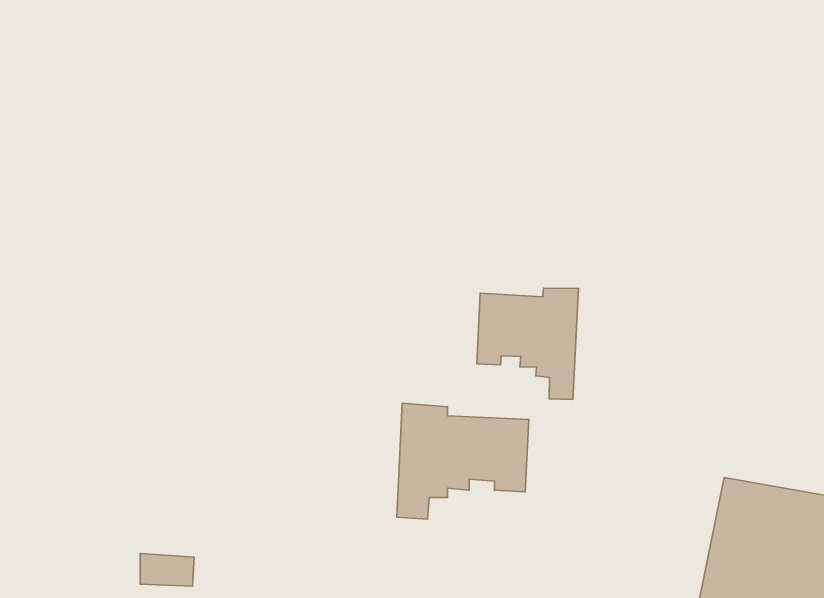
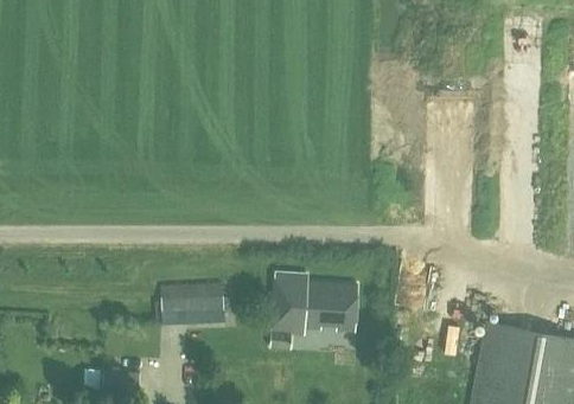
building: [477,288,579,400] -> none
building: none -> [160,295,224,325]

